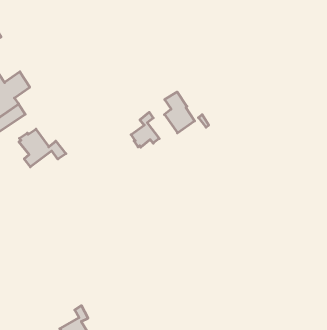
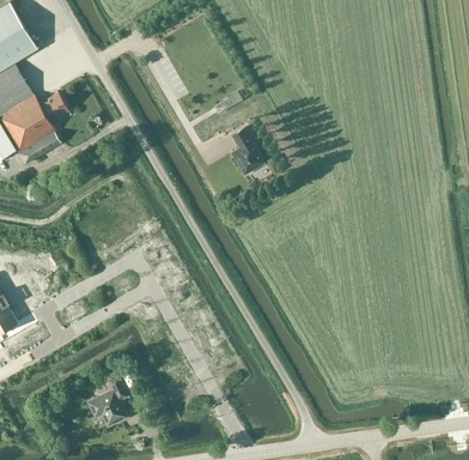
building: [131,112,159,147] -> none
building: [19,129,66,167] -> none

